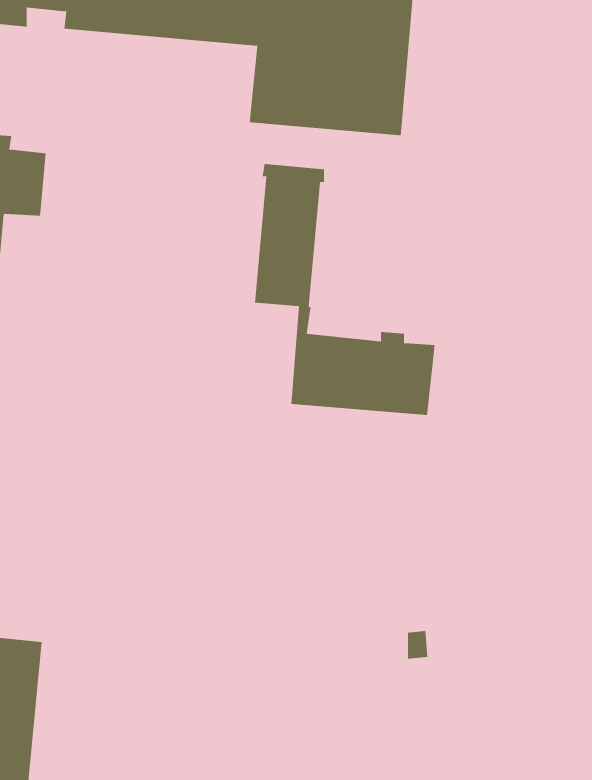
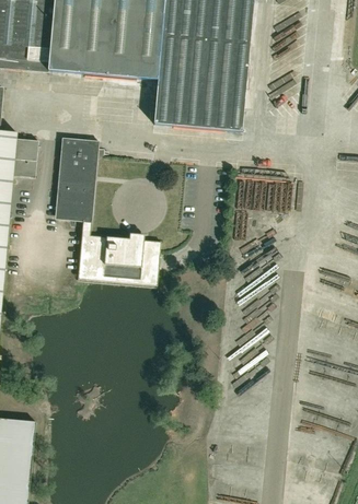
building: [254,163,435,416] -> [57,137,161,281]

